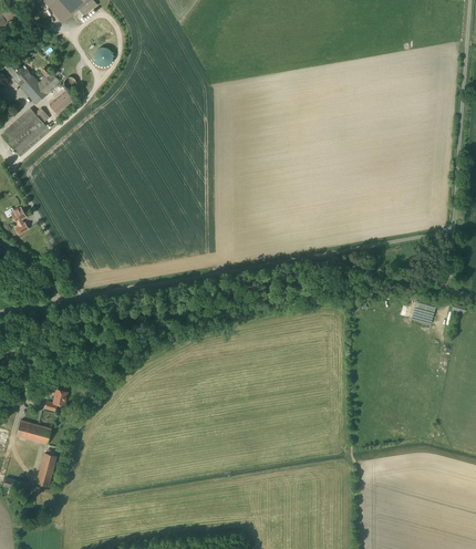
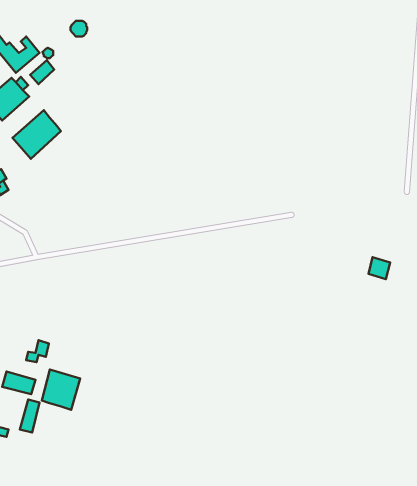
building: none -> [12,110,61,159]
building: none -> [42,370,80,410]

